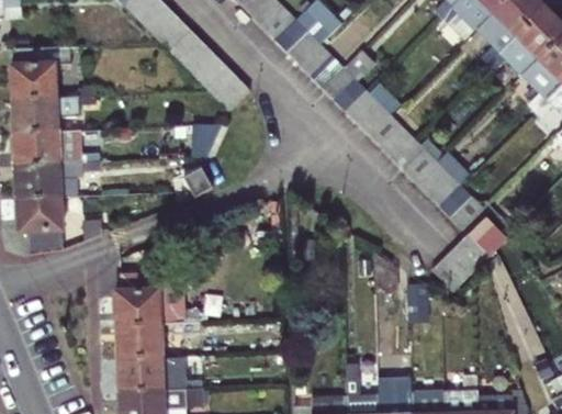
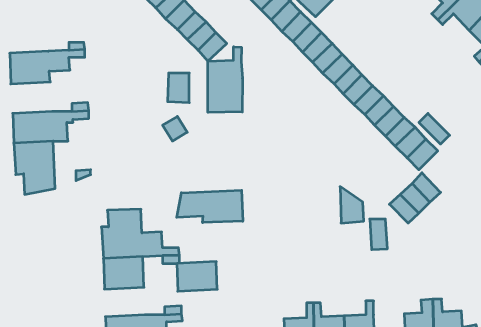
building: [9,48,54,101] -> none
building: none -> [208,47,242,112]
building: [12,133,58,168] -> none
building: none -> [177,190,243,223]
building: [116,361,161,394] -> [177,262,217,291]

